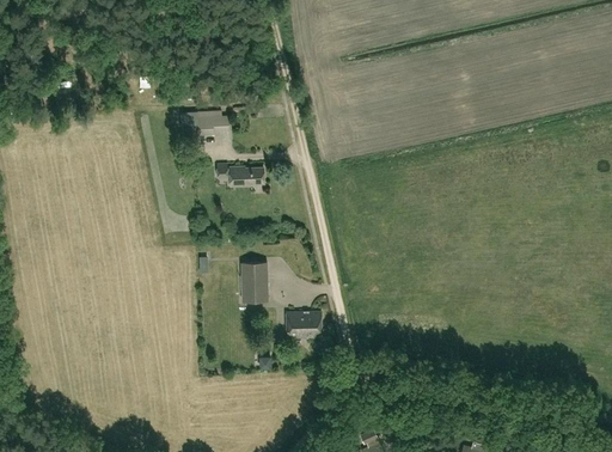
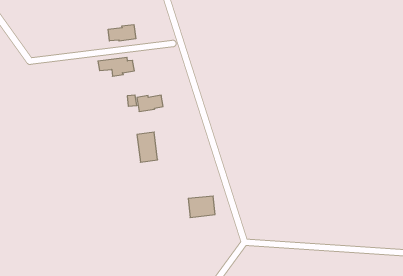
building: none -> [108,25,136,41]
building: [241,262,267,301] -> [137,132,158,162]

